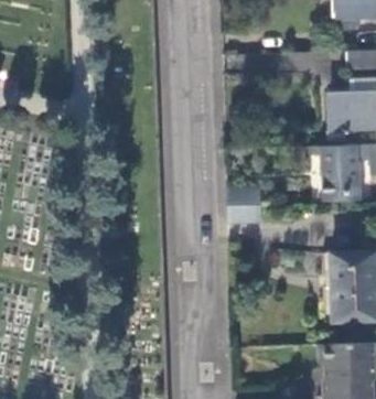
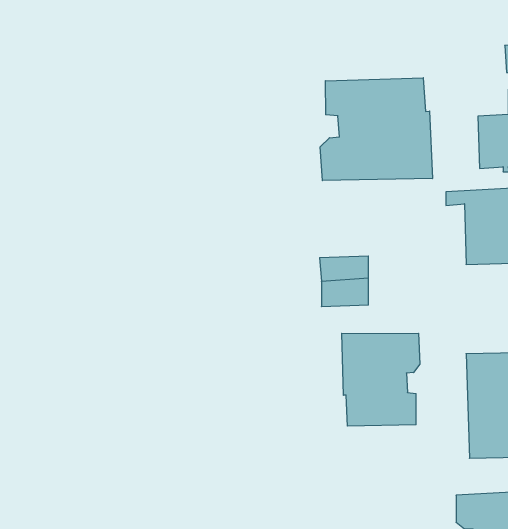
building: none -> [320,78,432,181]
building: none -> [342,333,420,426]

